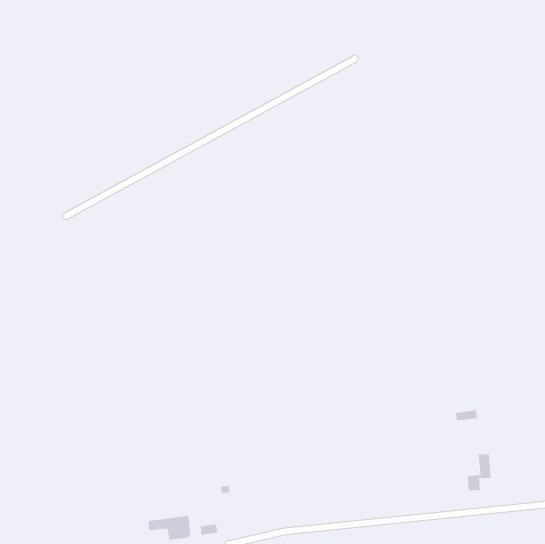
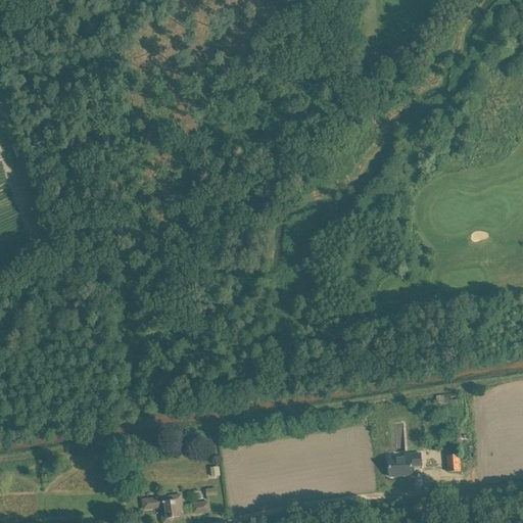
building: none -> [387,453,421,474]

